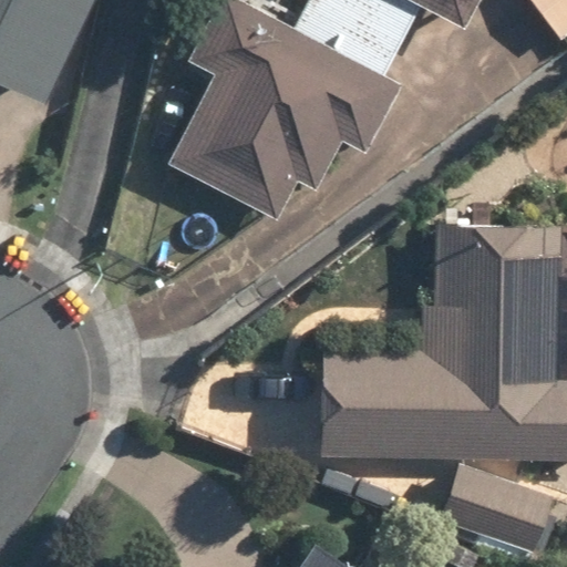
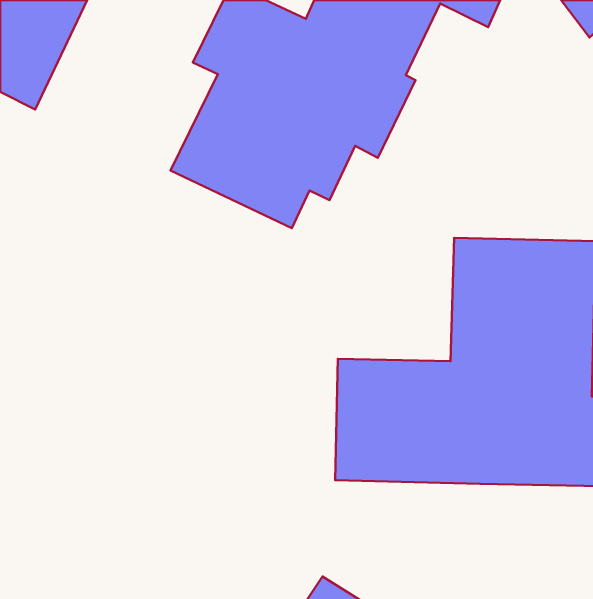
building: [439,457,560,555] -> none

